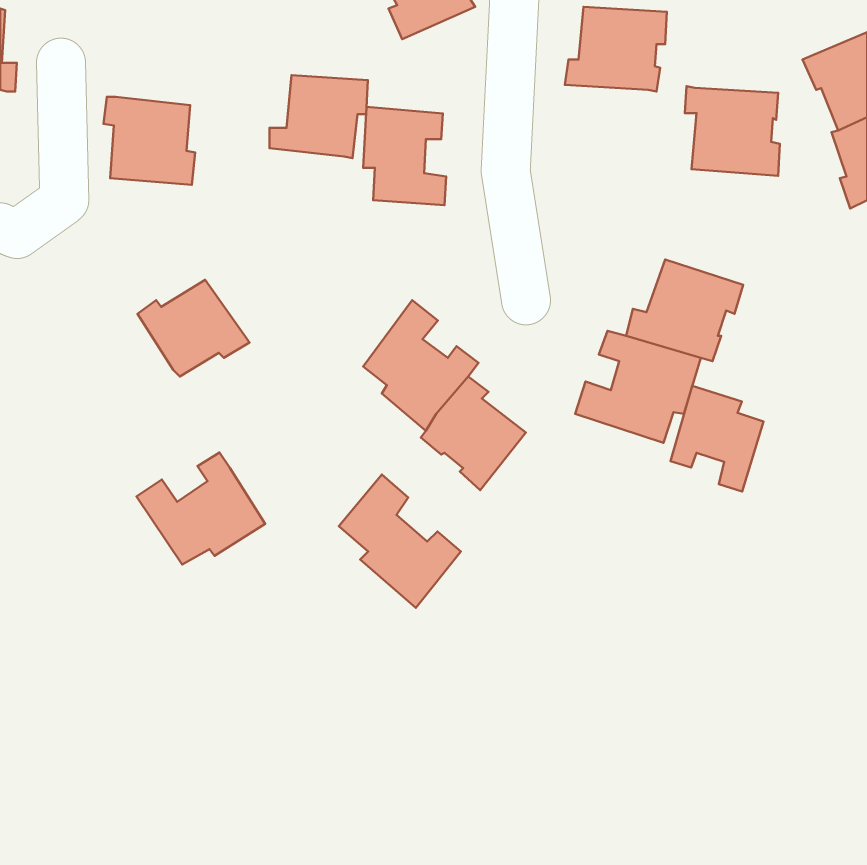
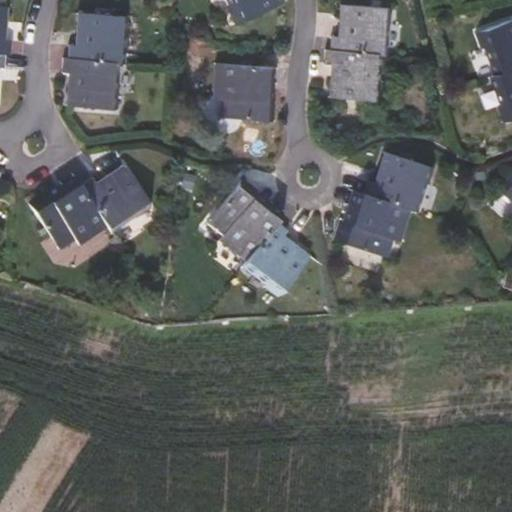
building: [269,75,368,158] -> [68,14,126,63]
building: [685,86,780,176] -> [327,49,383,102]
building: [670,386,764,491] -> none
building: [136,452,265,564] -> [26,176,102,242]
building: [339,475,461,608] -> none

